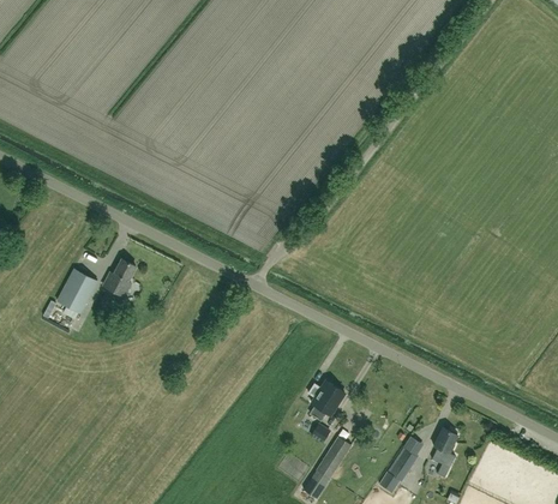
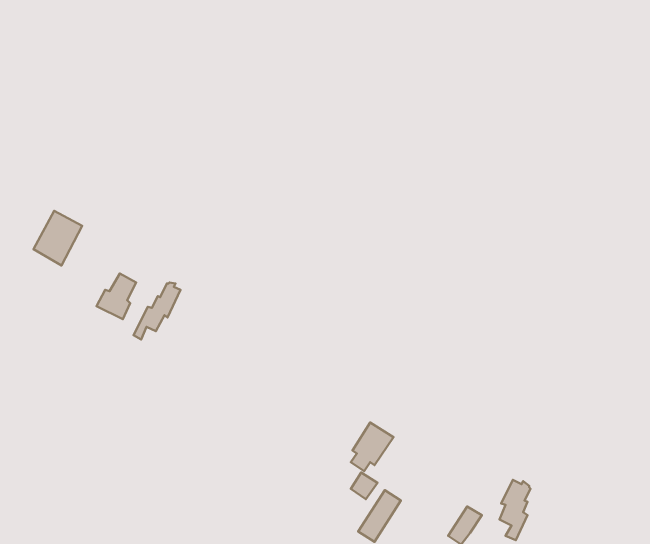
building: none -> [134,282,181,340]
building: [56,270,96,314] -> [33,211,82,265]

